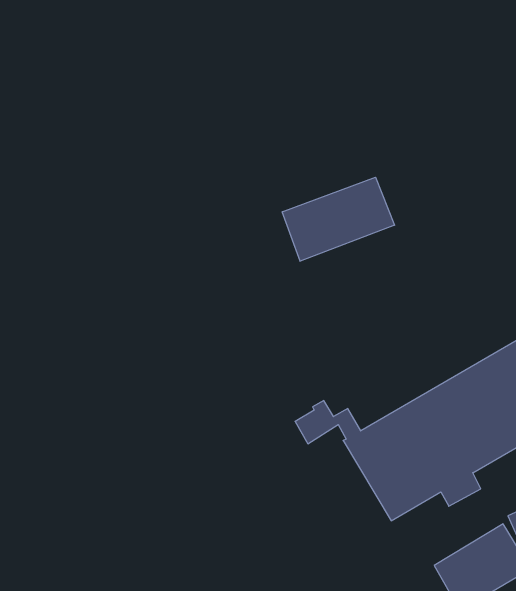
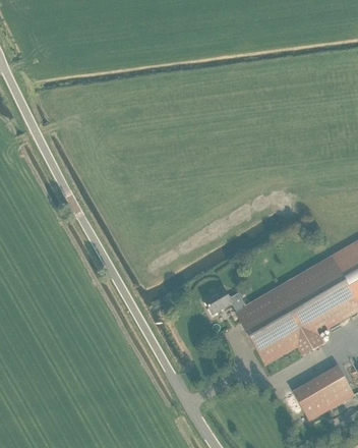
building: [282,177,395,261] -> none

